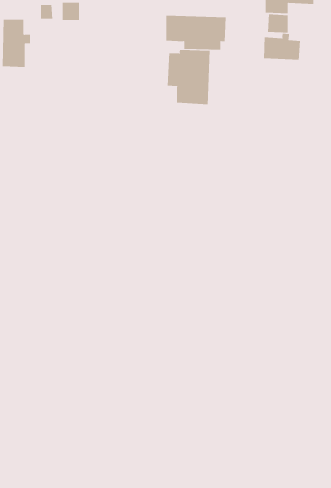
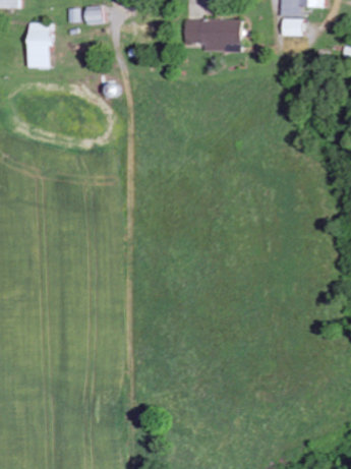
building: [263,33,300,60] -> none
building: [167,49,210,105] -> none

